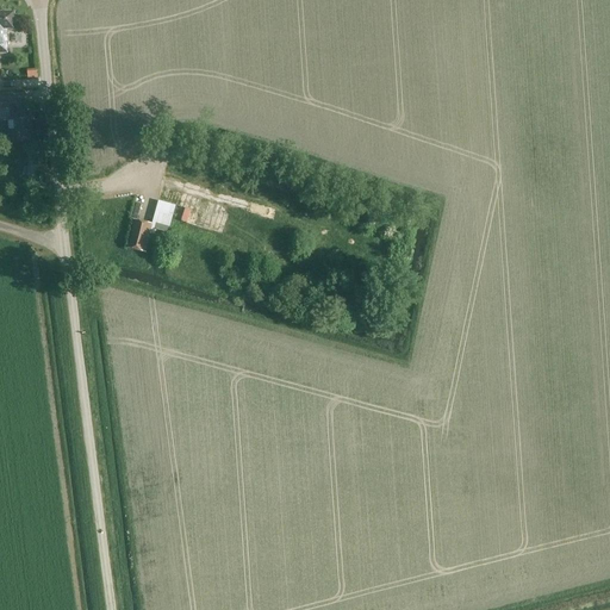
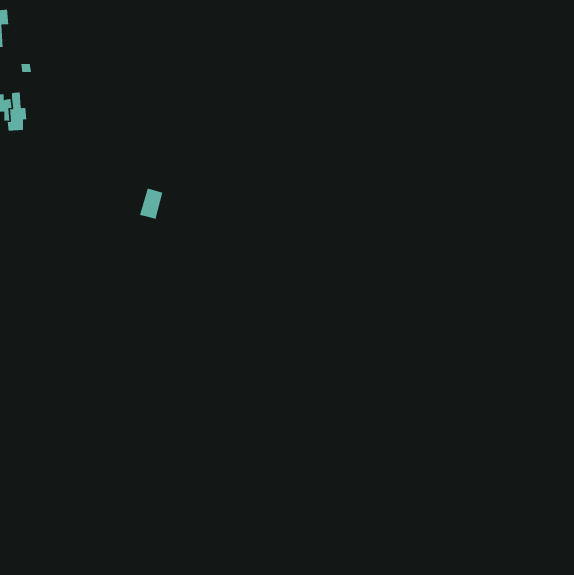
building: [124,218,148,250] -> none

